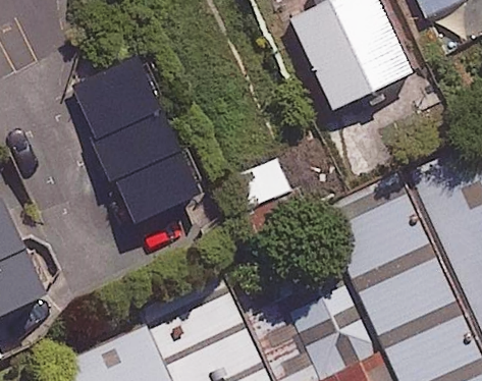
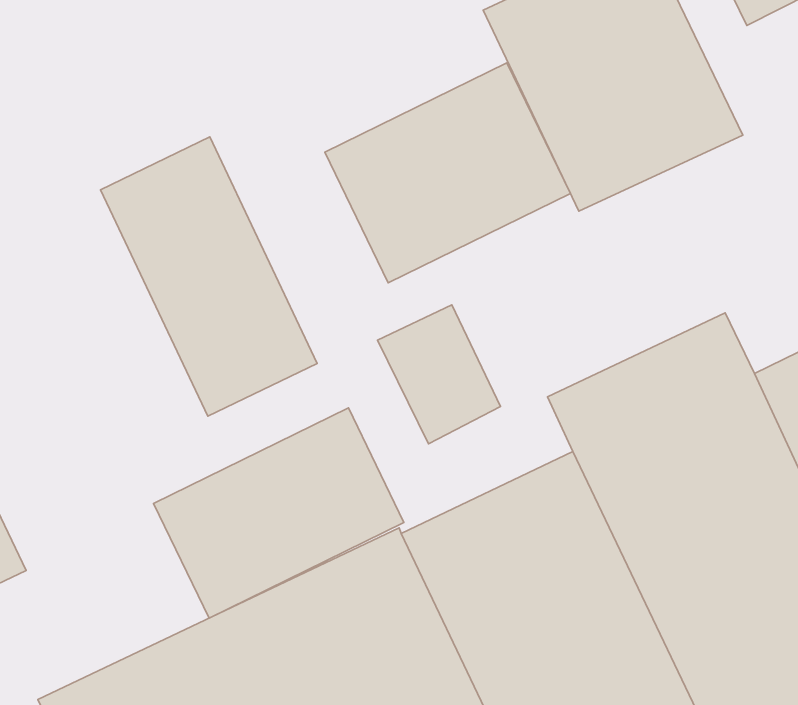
building: none -> [325,63,570,283]
building: none -> [154,408,404,618]

